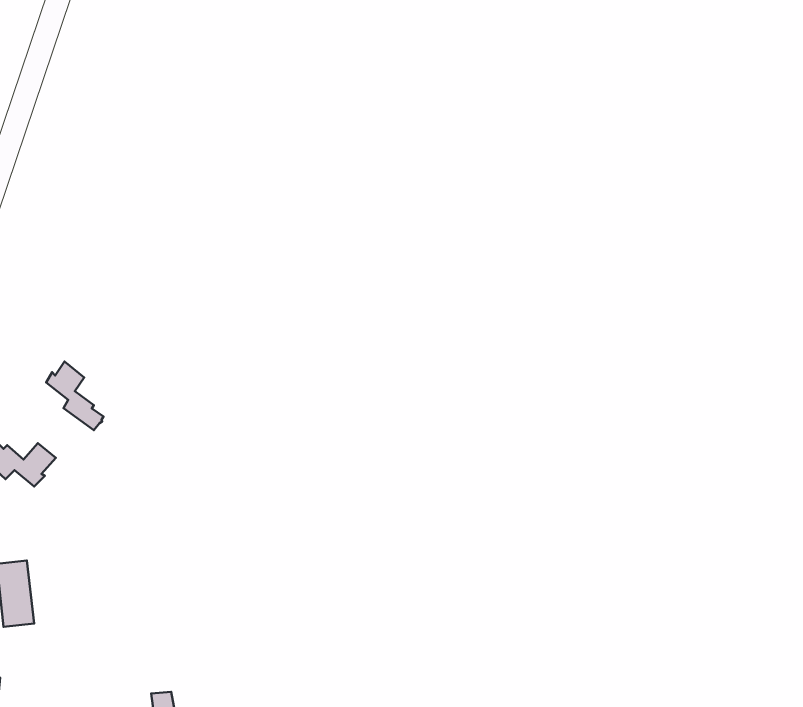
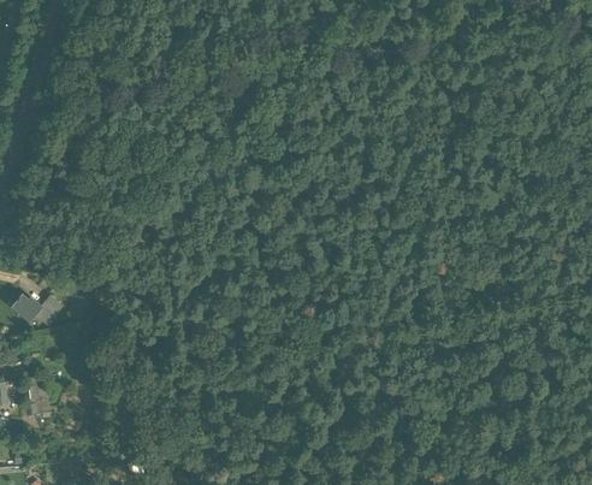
building: [46,362,103,430] -> none

